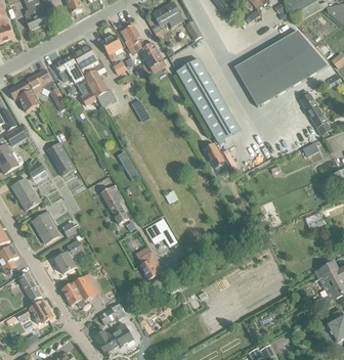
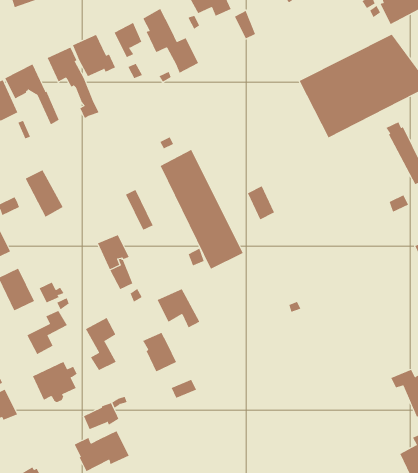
building: [176,58,240,142] -> [160,149,244,270]
building: [84,69,116,107] -> none
building: none -> [85,317,117,371]

